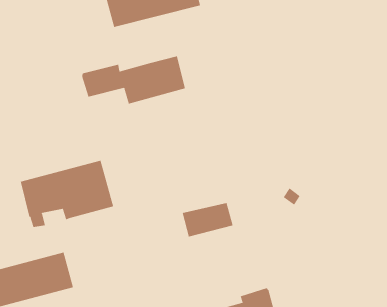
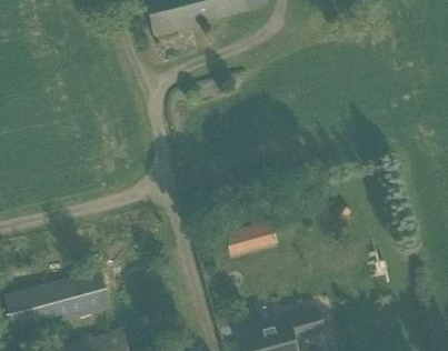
building: [82,55,186,105] -> none
building: [20,160,114,228] -> none

